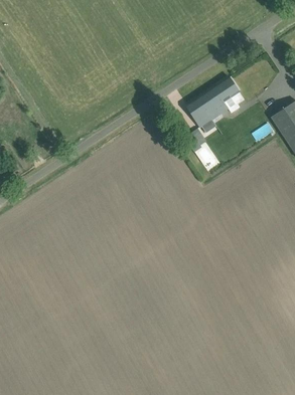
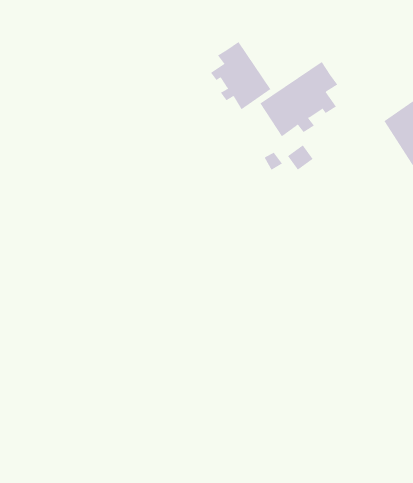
building: none -> [210,41,271,110]

